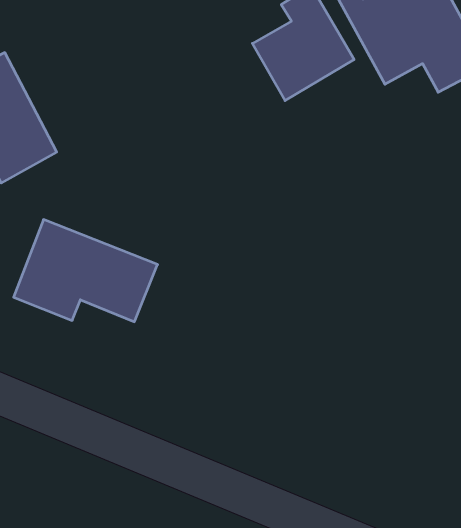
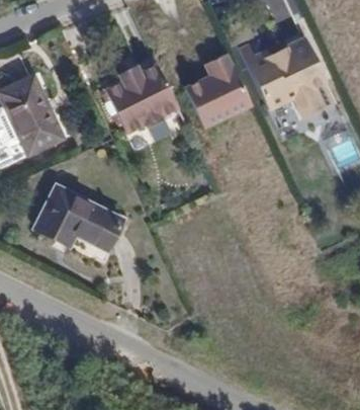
building: none -> [111,62,184,131]

